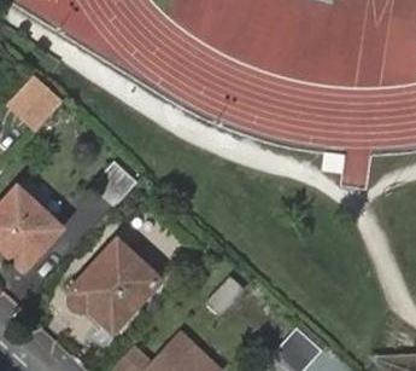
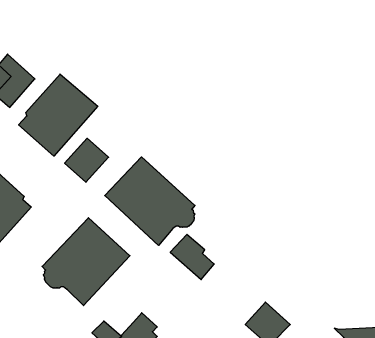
building: none -> [19,74,98,156]
building: none -> [105,157,195,245]

